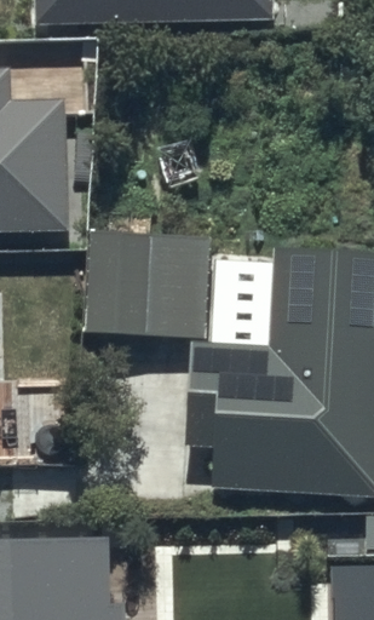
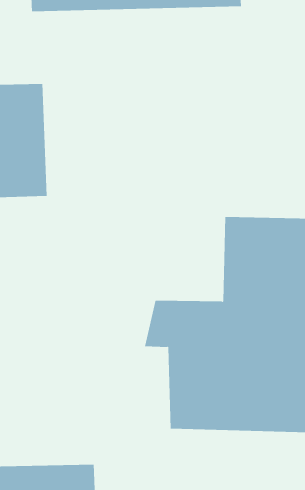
building: [85,241,207,341] -> none

